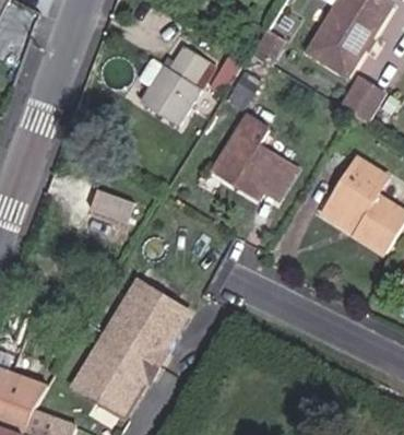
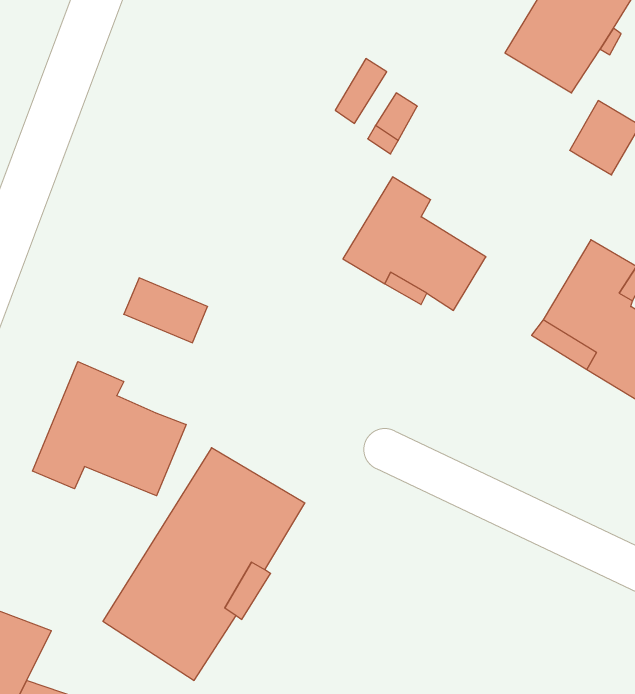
building: [141,44,213,124] -> none
building: none -> [32,362,186,496]

